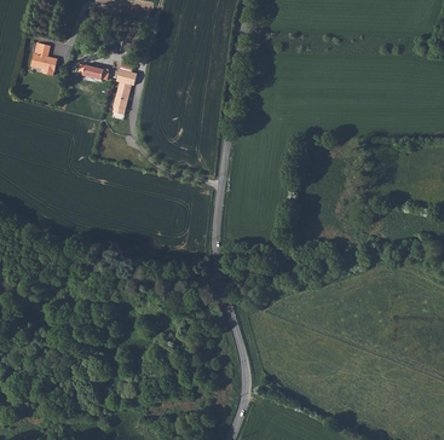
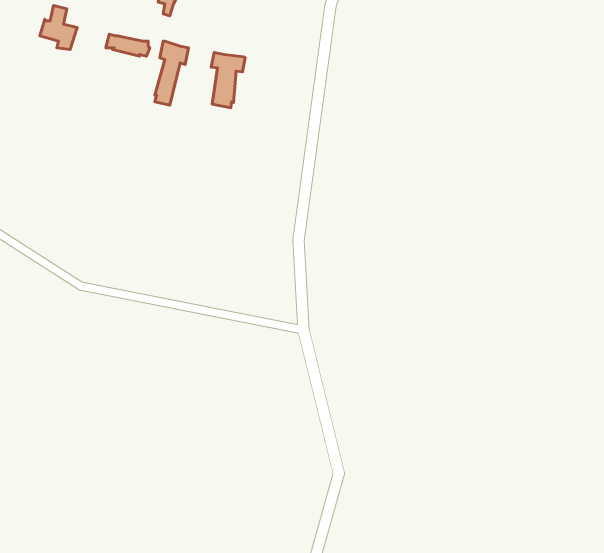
building: none -> [211,53,245,108]

